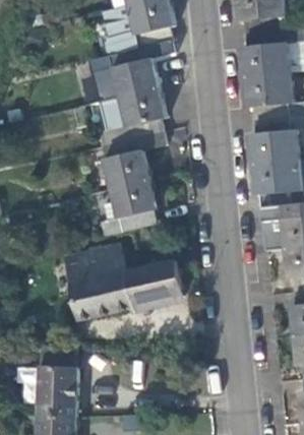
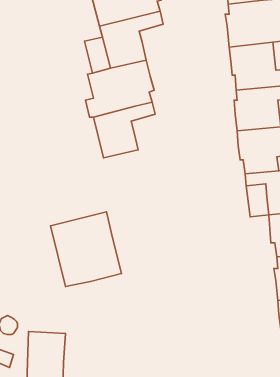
building: [106,182,160,235] -> none
building: [126,260,184,308] -> none

